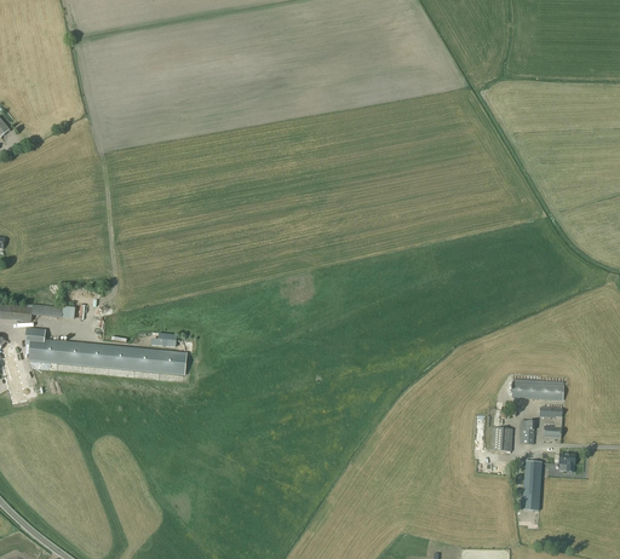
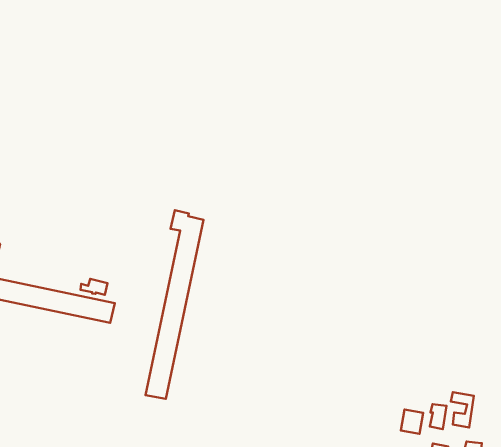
building: none -> [146,210,203,399]
building: [510,379,562,399] -> none

